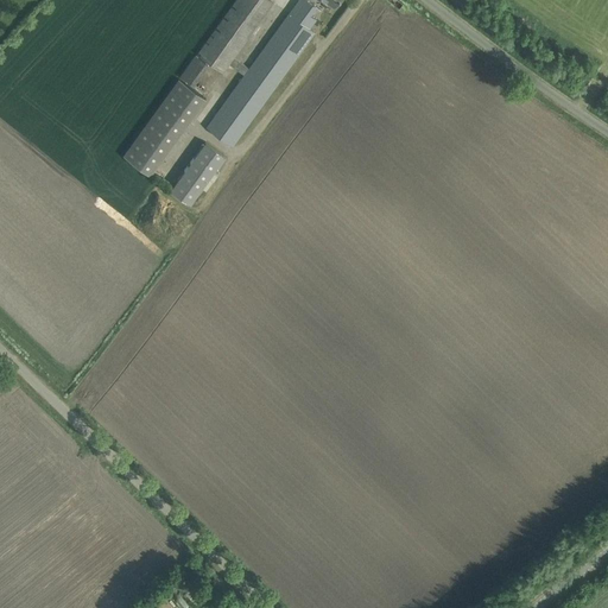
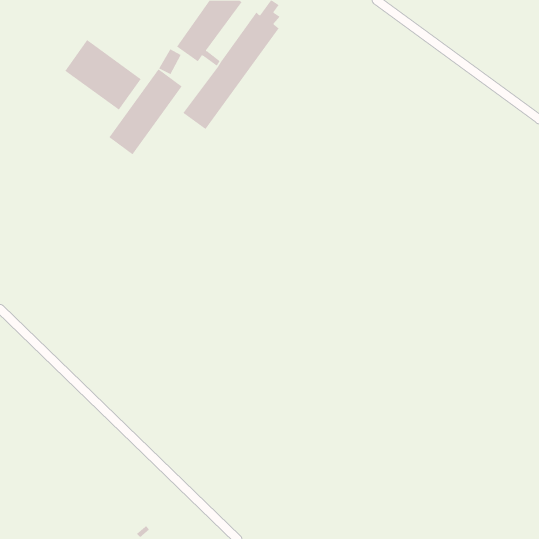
building: none -> [64,39,142,110]
building: [170,142,224,204] -> none

